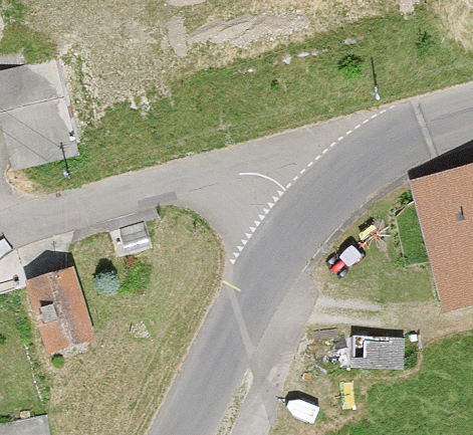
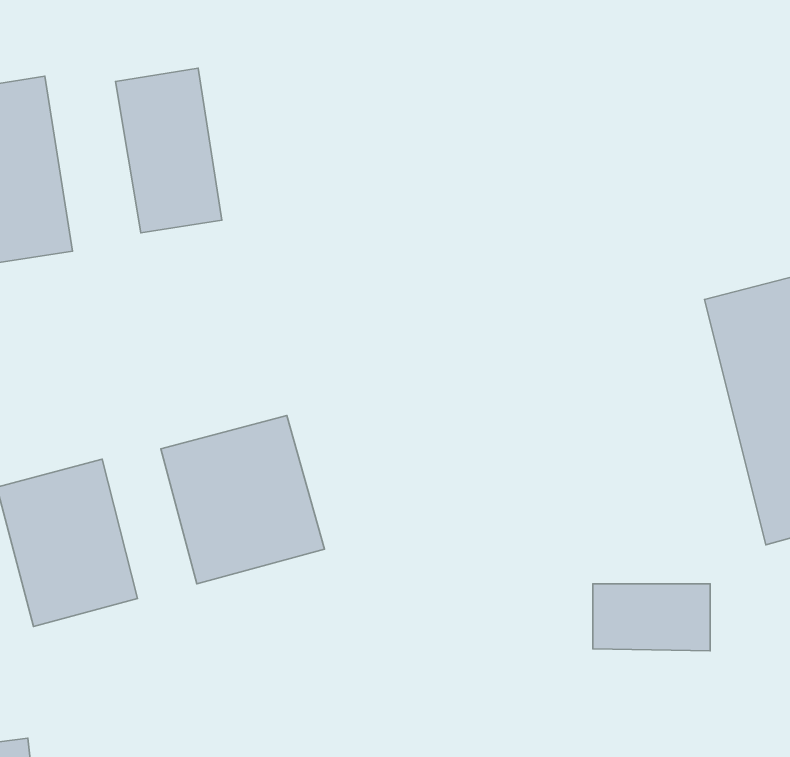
building: none -> [116,68,222,233]
building: none -> [161,416,325,584]

